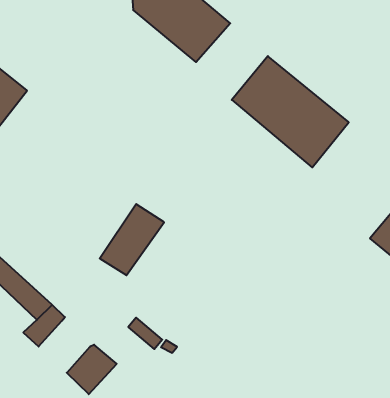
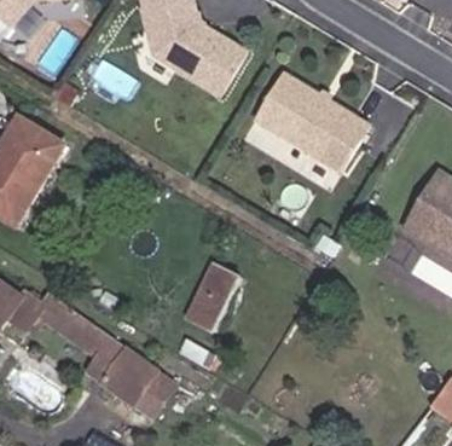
building: [100,204,164,275] -> [186,261,241,328]
building: none -> [104,348,153,399]

